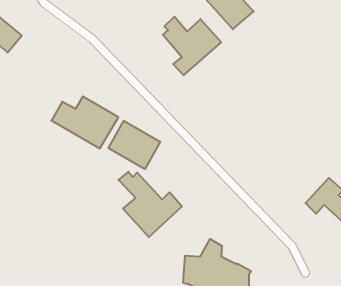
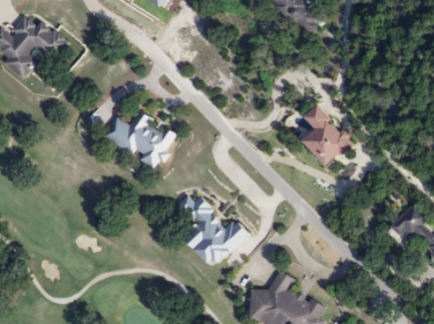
building: [163,17,221,75] -> none
building: none -> [301,103,351,167]
building: [109,121,160,169] -> none

